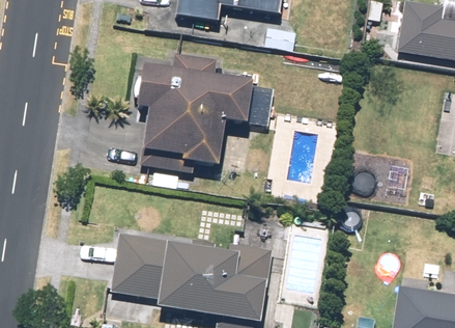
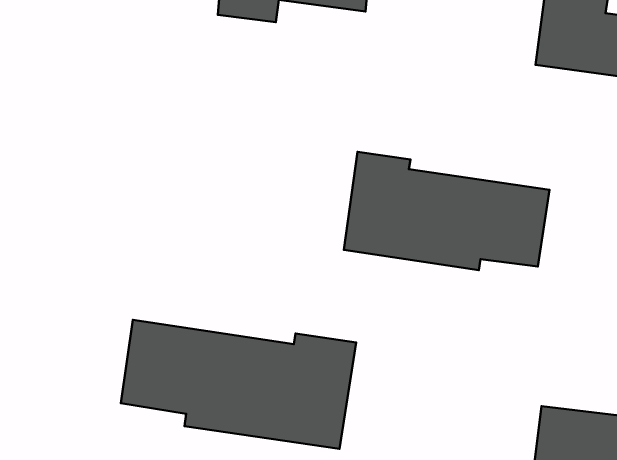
building: [137,55,252,172] -> none
building: none -> [344,152,549,270]

